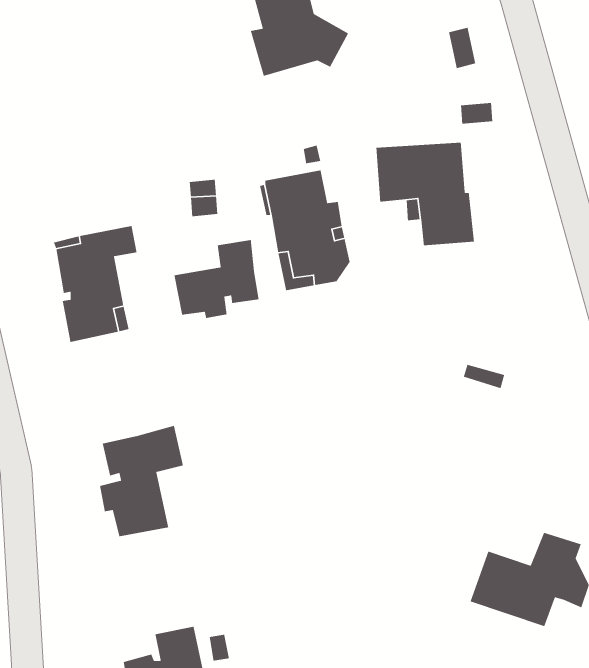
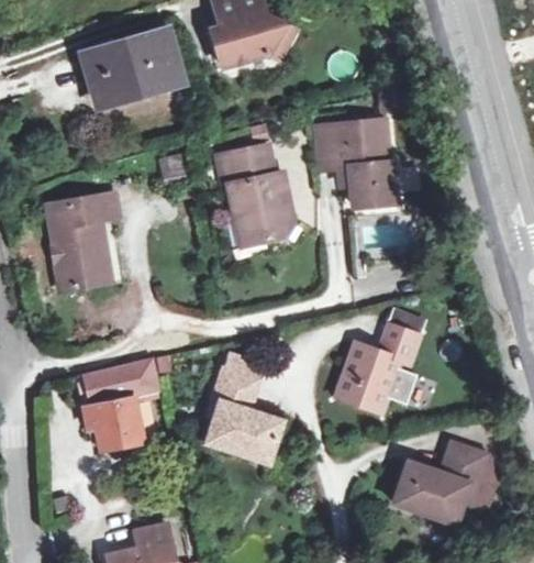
building: none -> [84,30,182,106]
building: [173,239,259,319] -> none
building: none -> [336,324,421,412]
building: none -> [205,368,282,463]

